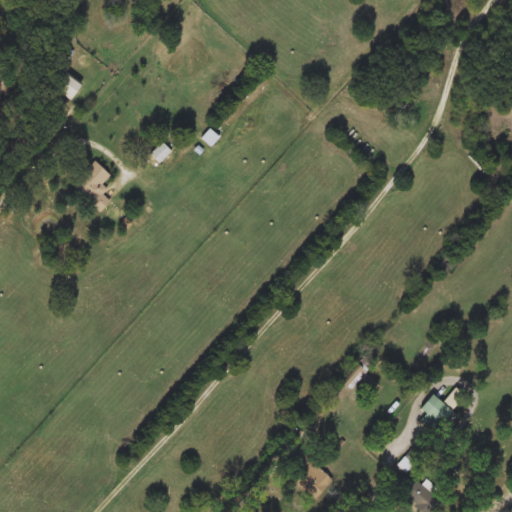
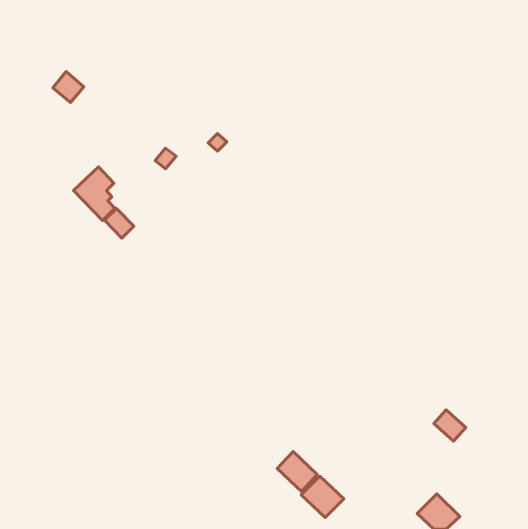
building: none -> [105,208,134,238]
building: none -> [277,451,317,492]

